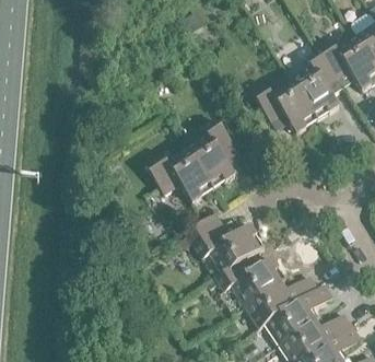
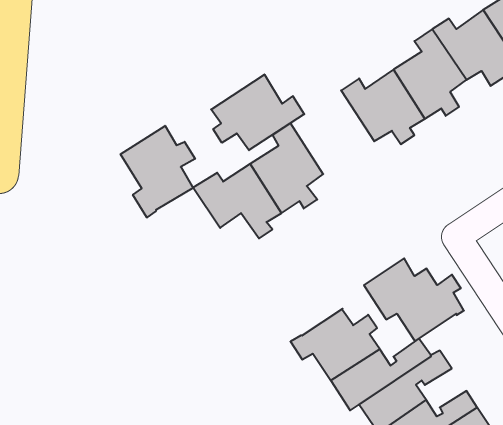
building: none -> [211,74,304,150]
building: none -> [121,126,195,218]
building: [186,213,259,273] -> [364,258,464,340]

